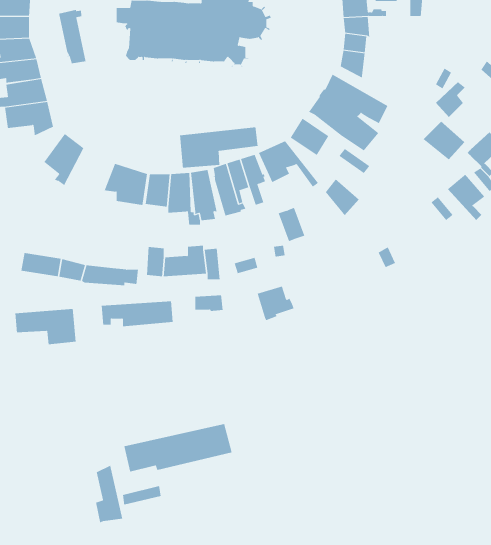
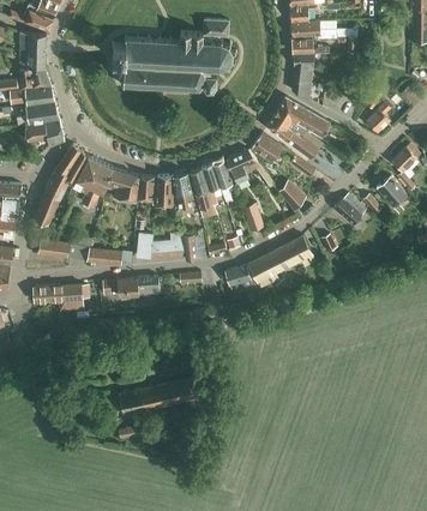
building: [59,9,86,64] -> none
building: [423,121,465,160] -> [333,193,367,224]
building: [179,127,258,169] -> none
building: none -> [73,156,113,208]
building: none -> [32,167,68,226]
building: none -> [249,235,315,287]
building: [96,465,123,523] -> none

